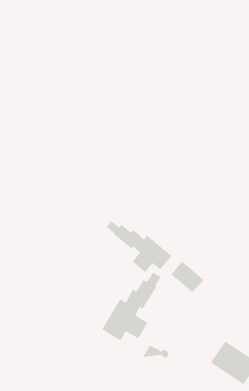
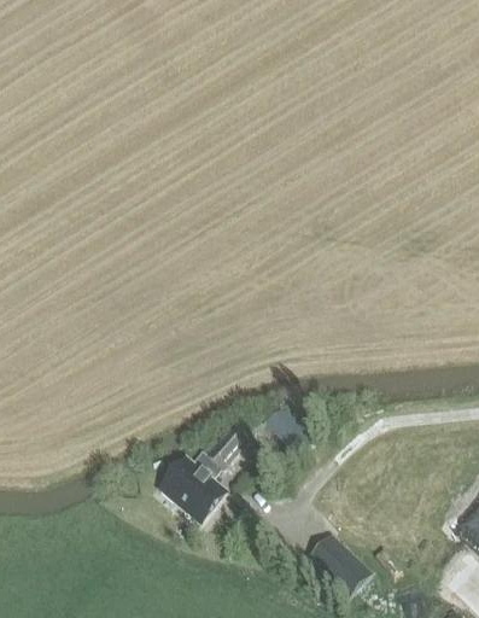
building: [106,220,172,273] -> none

